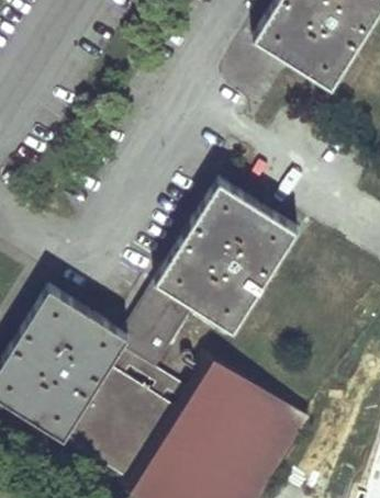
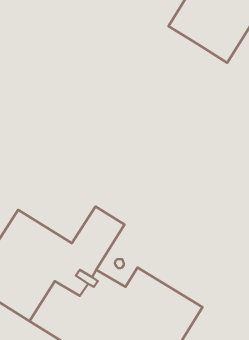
building: [154,181,299,333] -> none

